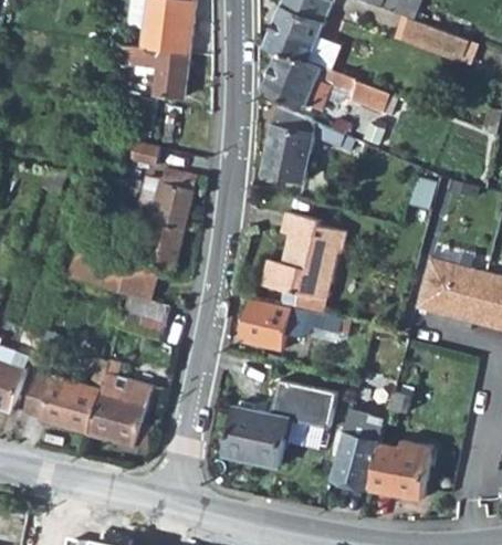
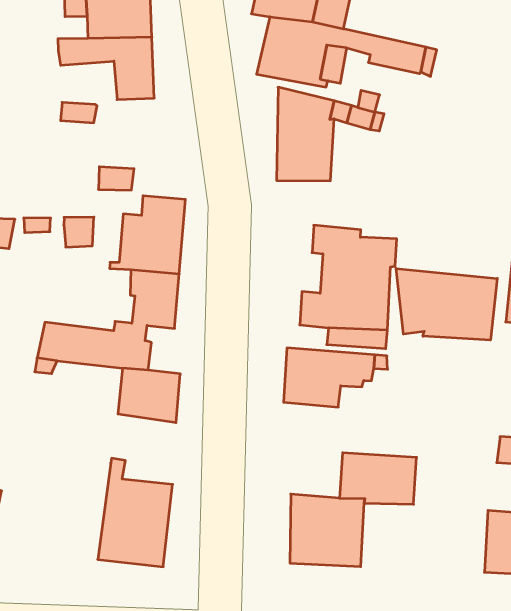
building: none -> [396,268,497,340]
building: [24,360,107,433] -> none
building: [333,418,384,489] -> none

